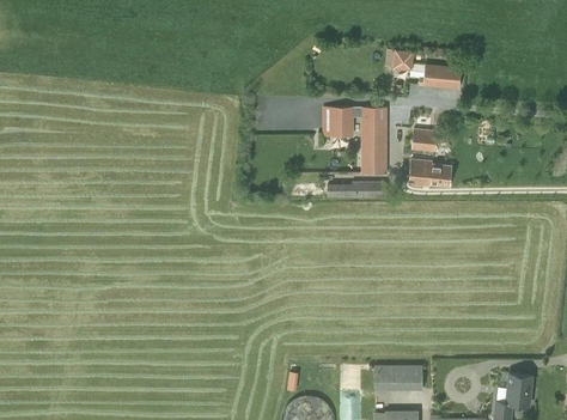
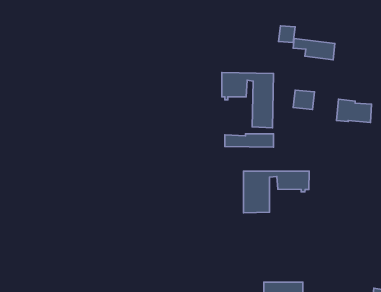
building: [408,158,451,187] -> [337,99,372,123]
building: none -> [244,171,309,213]

